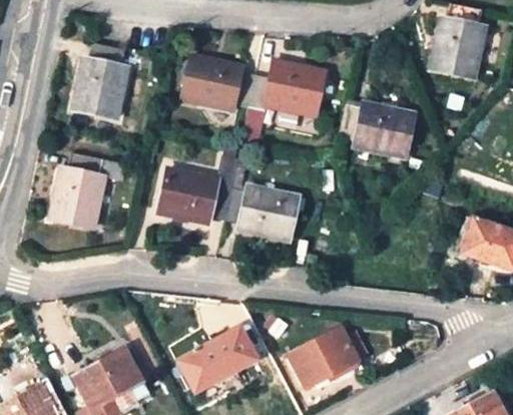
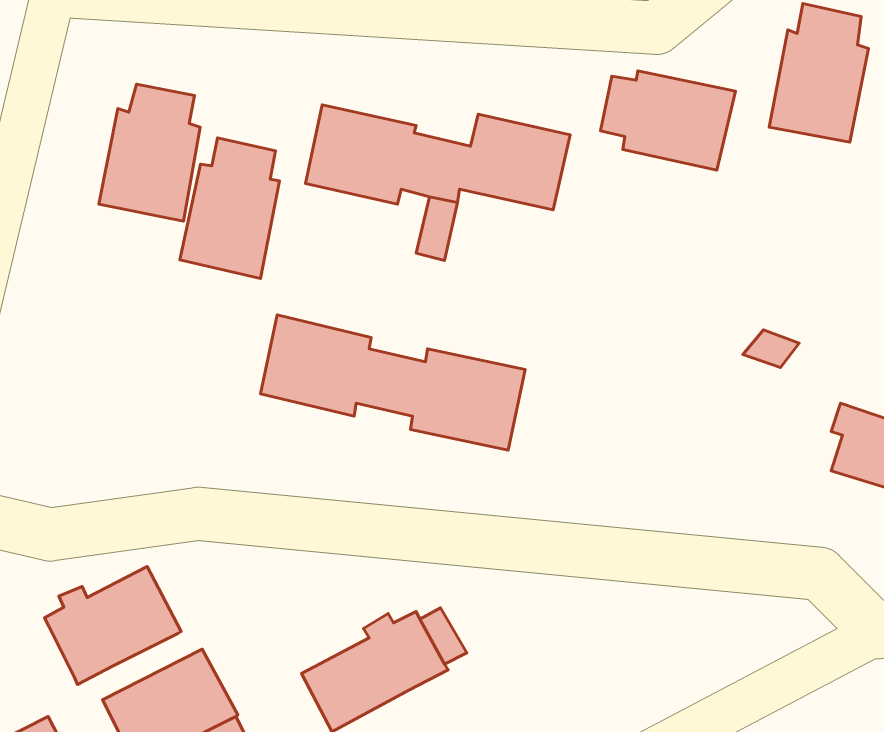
building: [342,102,414,155] -> [600,71,736,170]
building: [51,154,104,230] -> [180,138,279,279]
building: none -> [44,567,181,684]
building: [290,327,361,387] -> none

